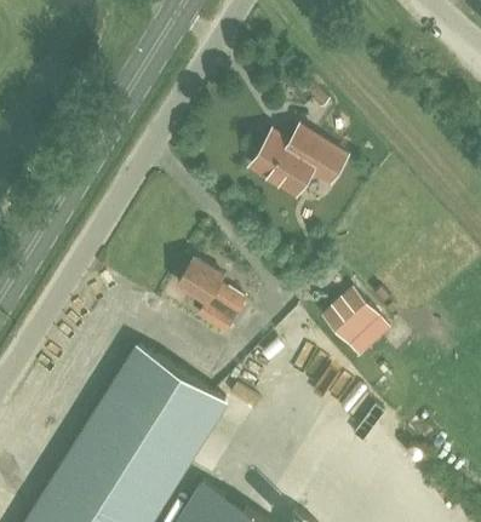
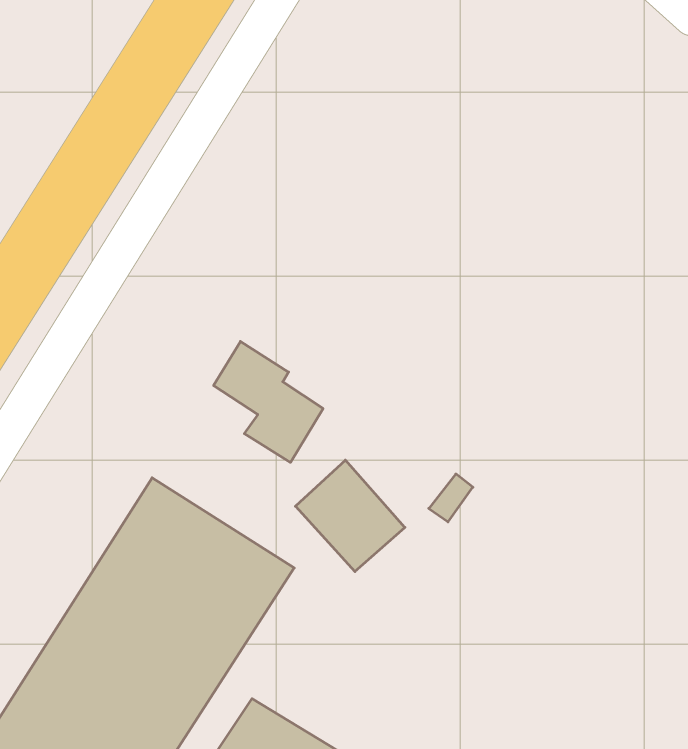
building: [251,127,345,195] -> none
building: [321,287,390,357] -> [295,460,405,572]

